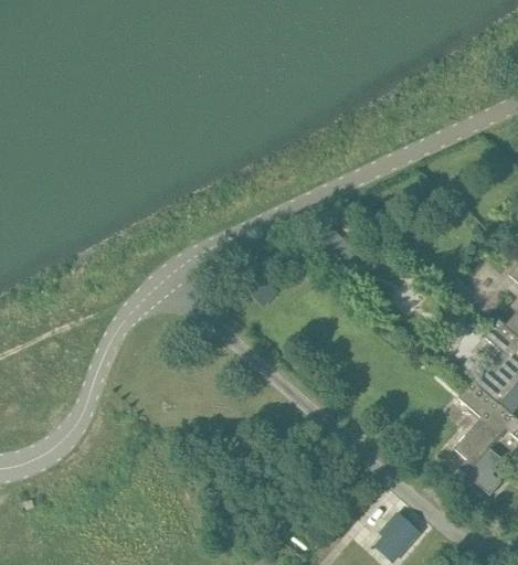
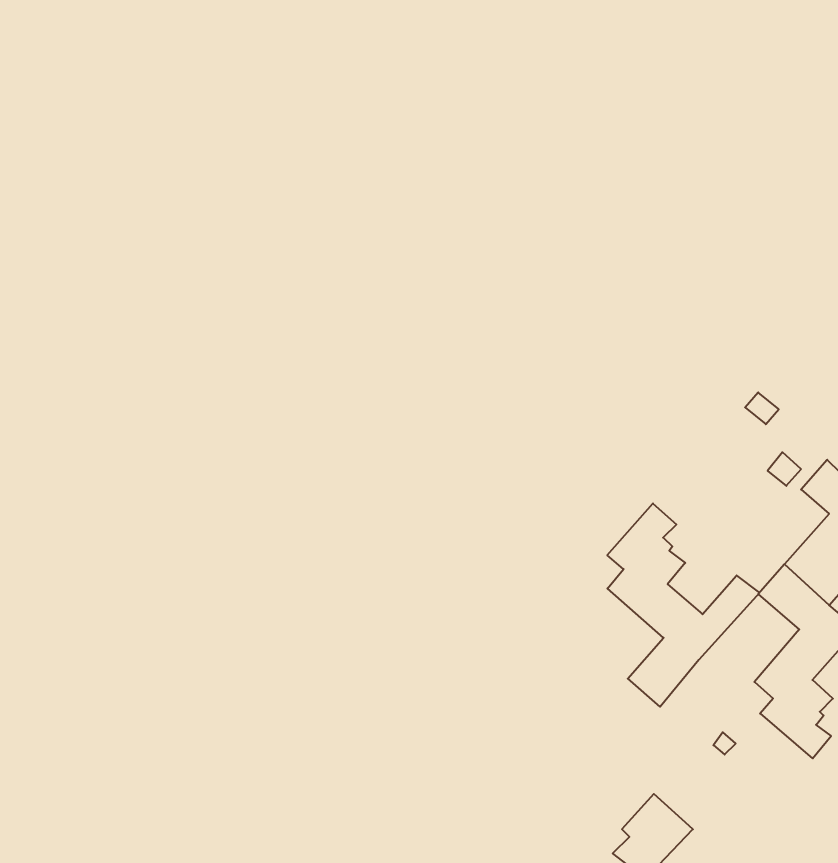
building: none -> [607,503,759,707]

